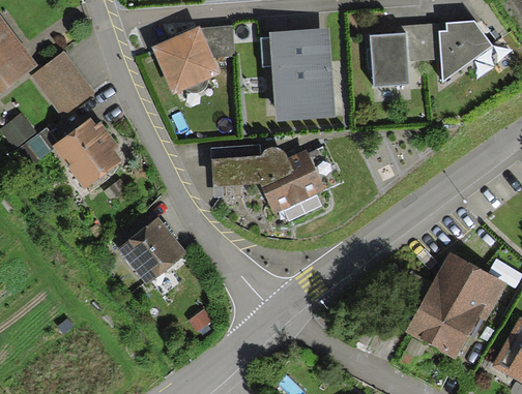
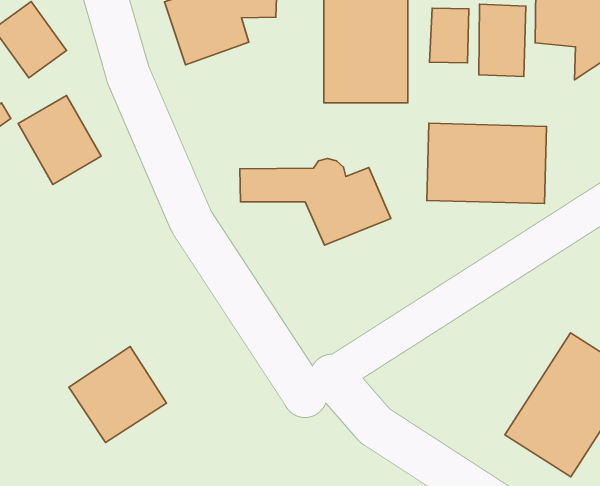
building: none -> [430,8,469,63]
building: none -> [427,123,547,204]
building: [118,213,186,280] -> [69,347,167,442]

